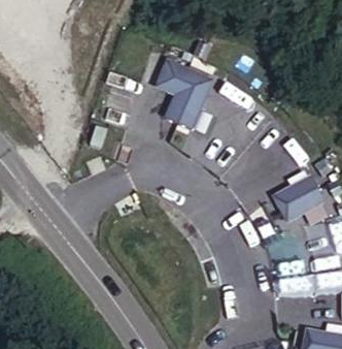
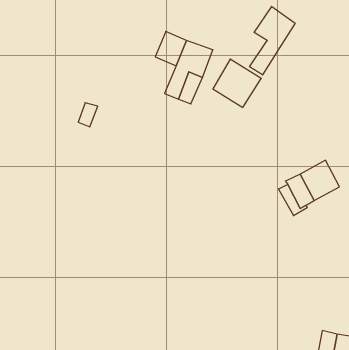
building: none -> [250,6,295,75]

